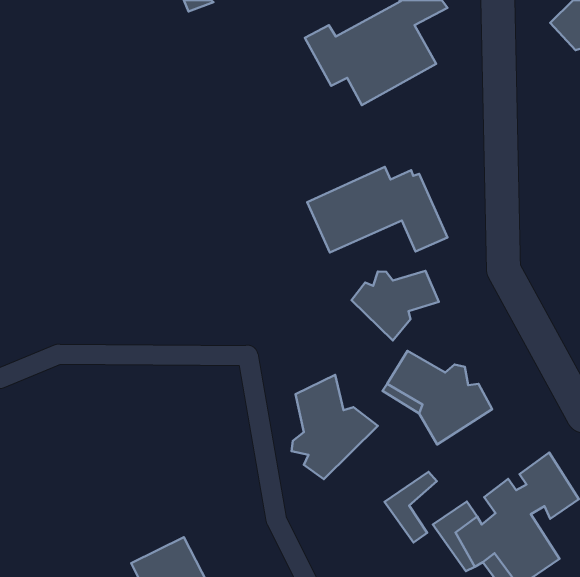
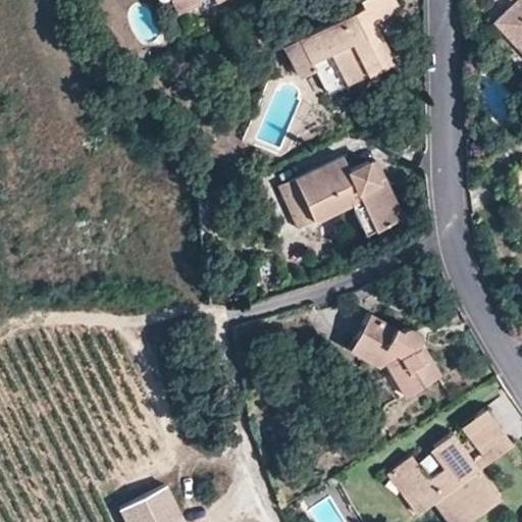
building: [352,271,439,340] -> none
building: [292,375,378,479] -> none
building: [384,472,437,543] -> none

